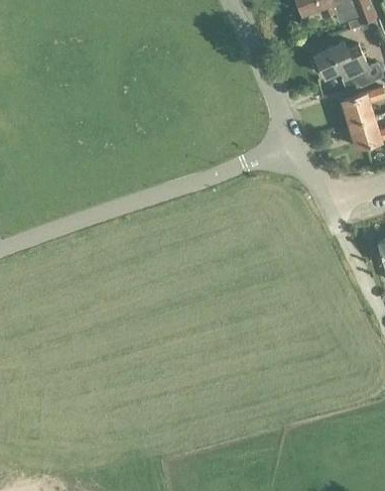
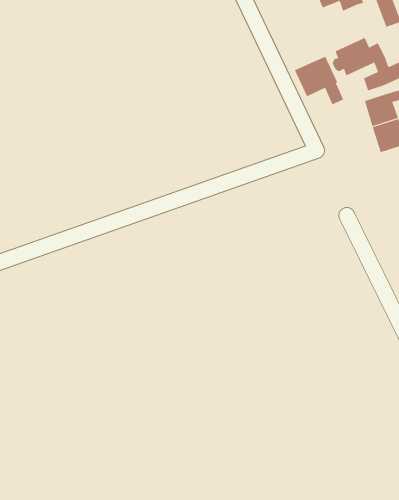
building: none -> [294,56,344,105]

